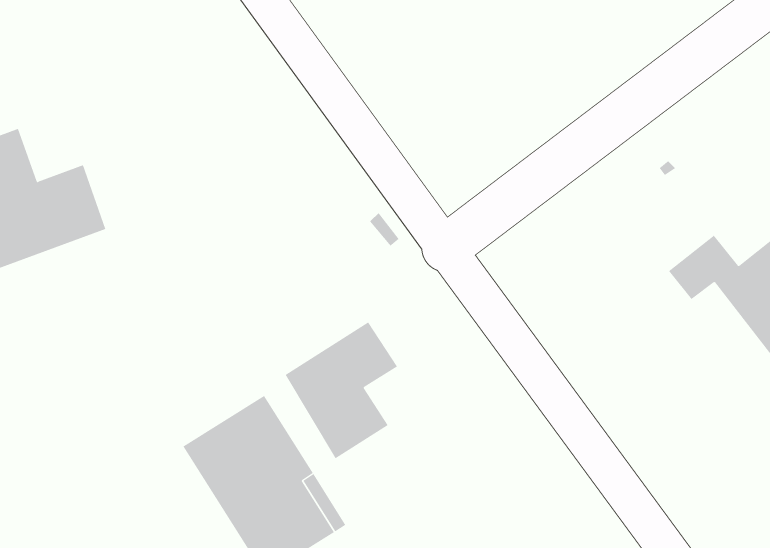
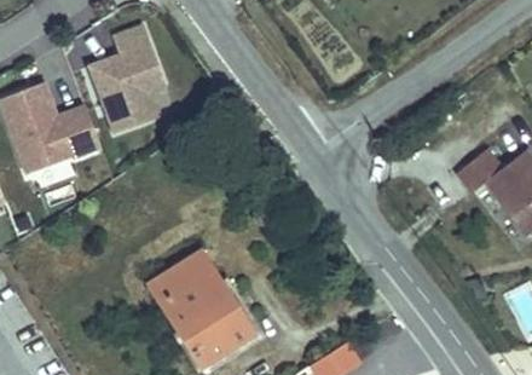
building: none -> [92,25,168,133]
building: [285,321,398,459] -> none

